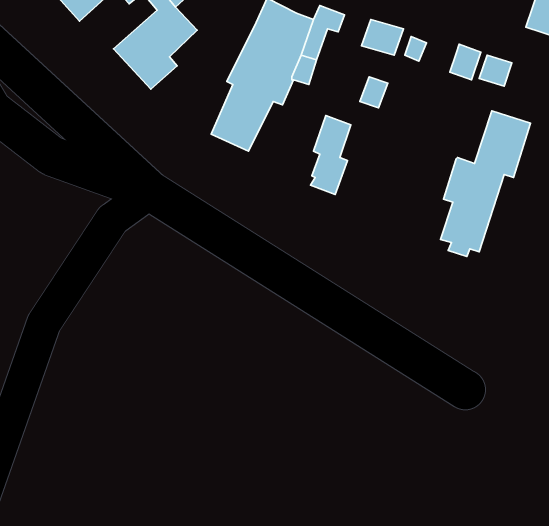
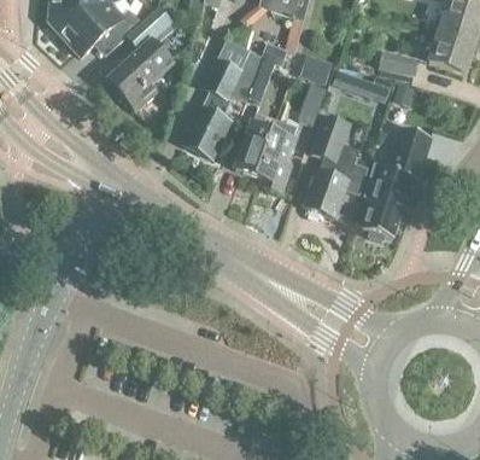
building: none -> [379,48,420,75]
building: none -> [235,110,276,176]
building: none -> [305,113,359,219]

